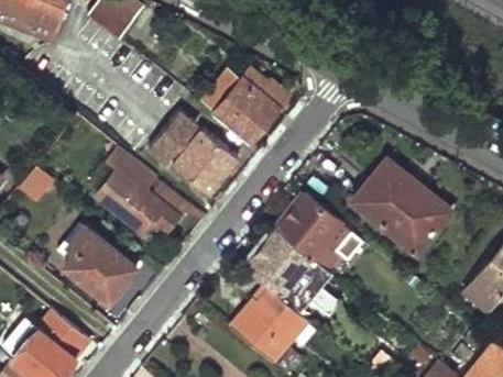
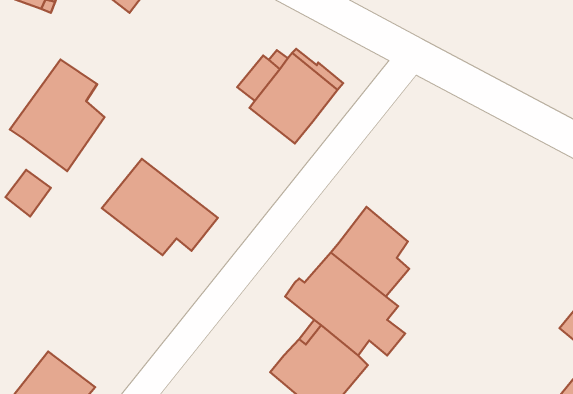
building: none -> [10,59,105,171]
building: [149,111,236,195] -> none
building: [352,158,450,254] -> none
building: [64,224,136,301] -> none

